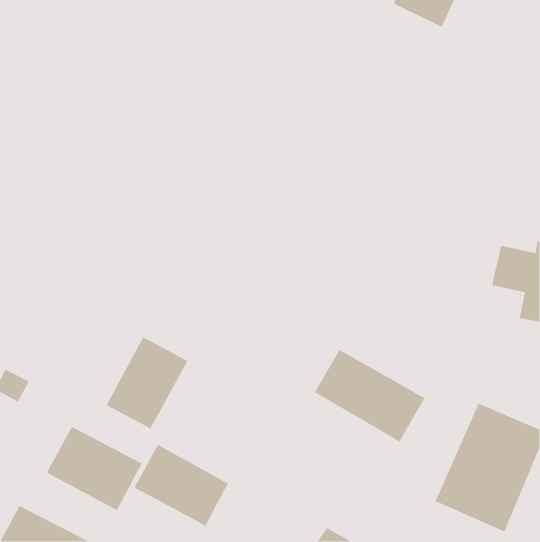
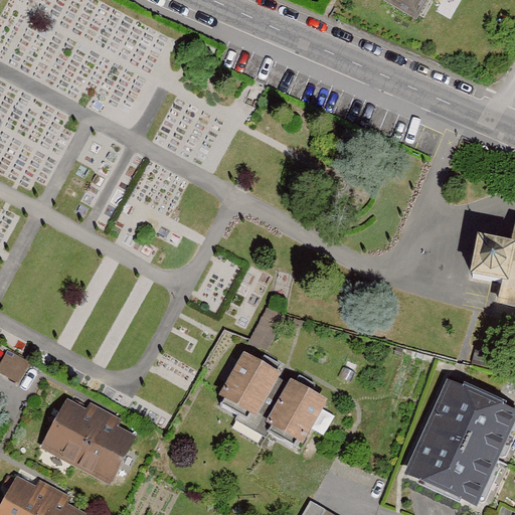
building: [106,336,188,429] -> none
building: [314,349,426,443] -> [223,353,329,442]
building: [134,444,229,527] -> none

